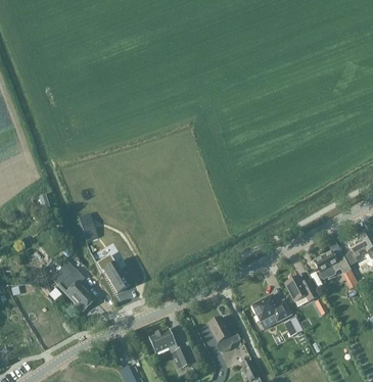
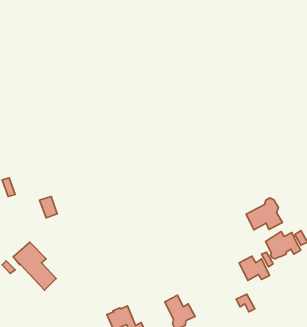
building: none -> [246,198,283,230]
building: [96,254,129,292] -> none
building: [251,294,291,328] -> none

